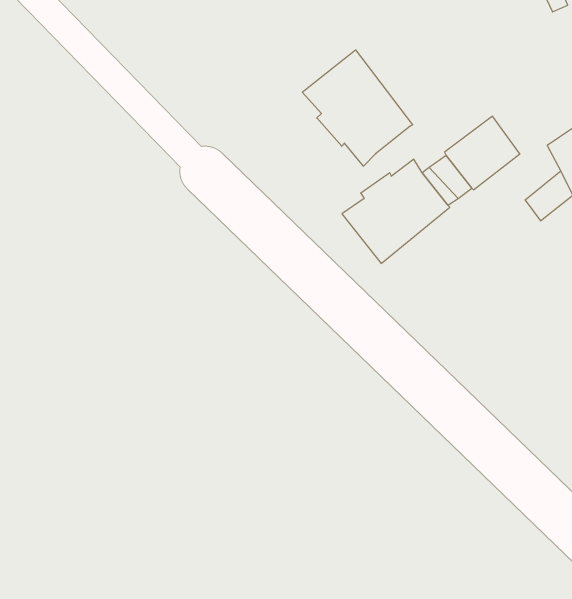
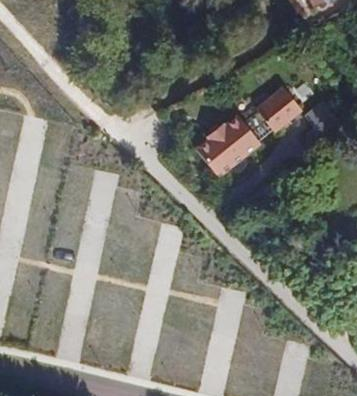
building: [302,50,413,166] -> none

